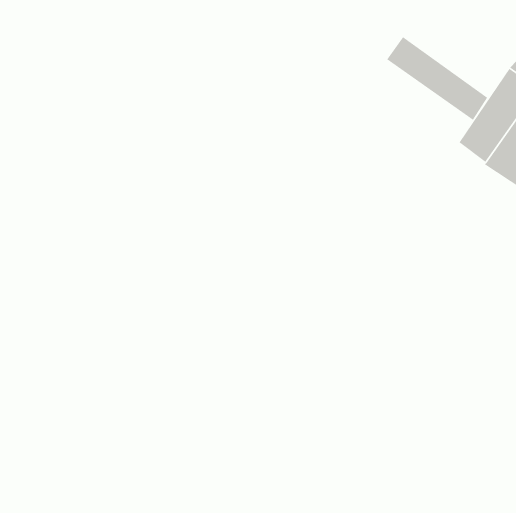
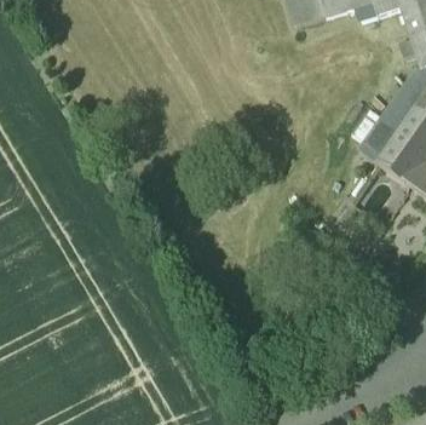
building: [386,36,488,121] -> none

